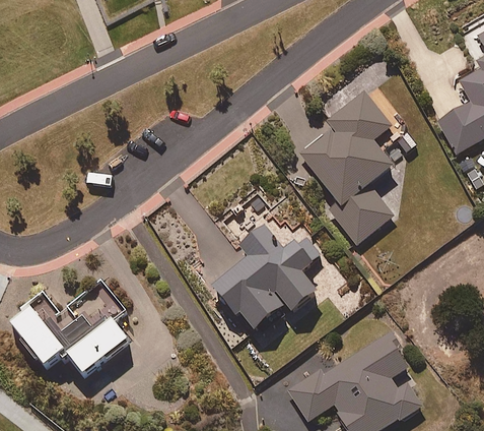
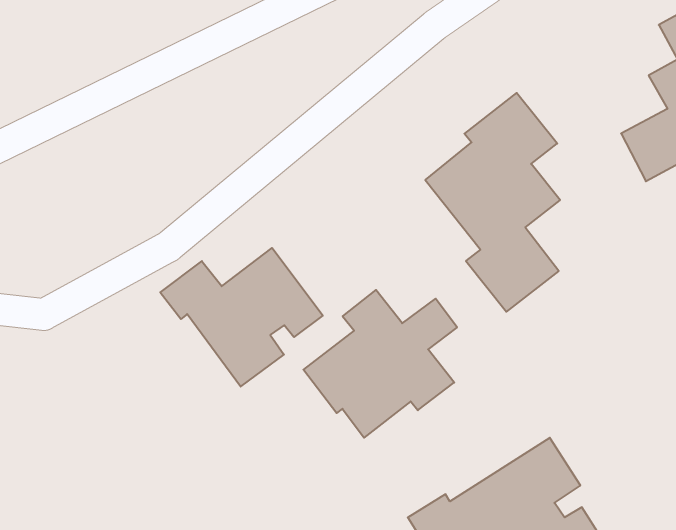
building: none -> [160,248,323,387]
building: [8,279,130,376] -> none

